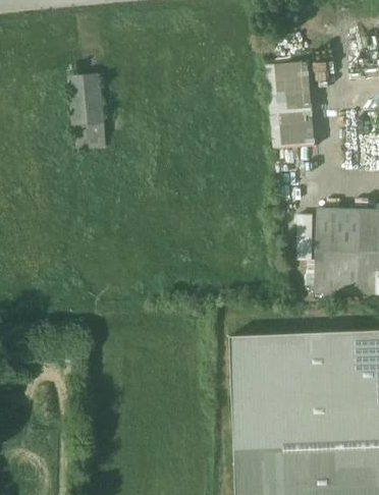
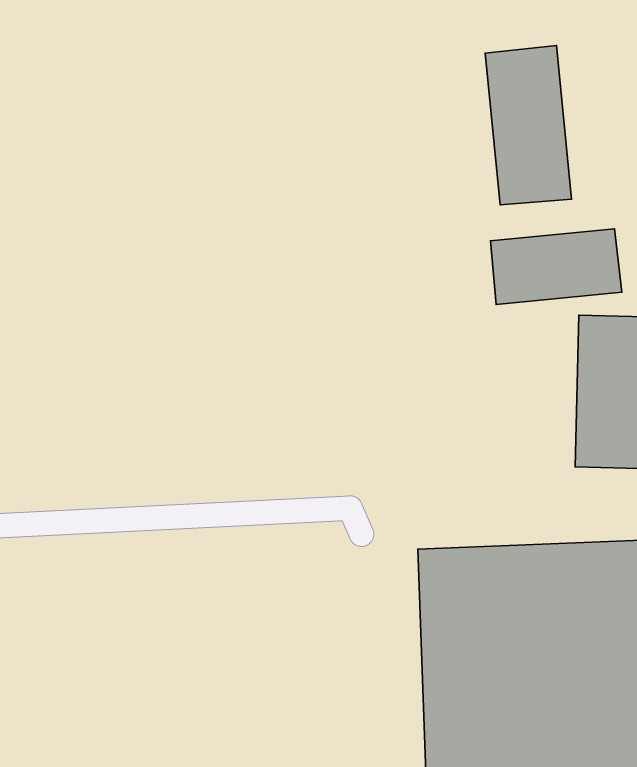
building: [68,71,105,148] -> none
building: none -> [490,229,622,304]

